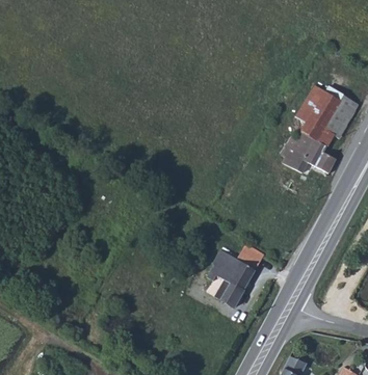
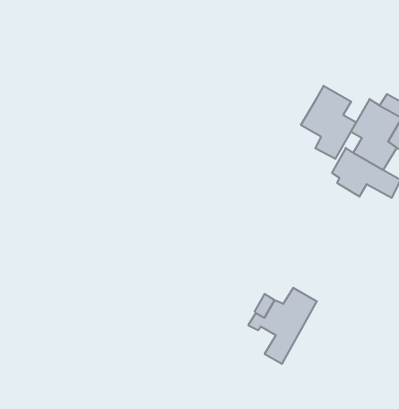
building: none -> [301,86,356,159]

